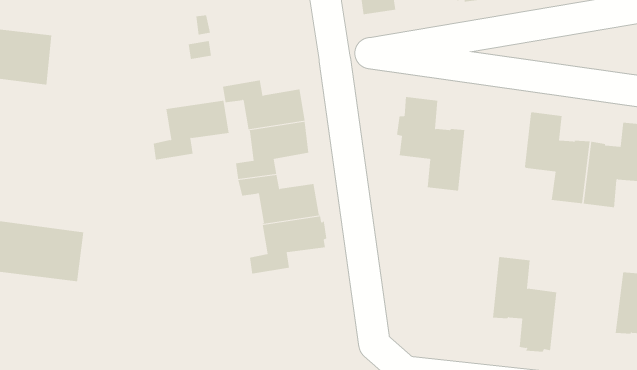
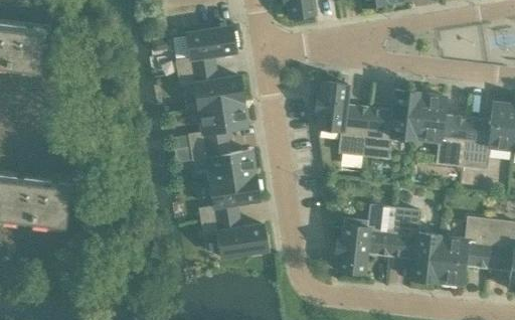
building: [153,100,229,160] -> [176,26,236,73]
building: none -> [364,90,420,159]
building: none -> [336,204,395,274]
building: none -> [201,216,270,257]
building: none -> [437,216,493,284]

